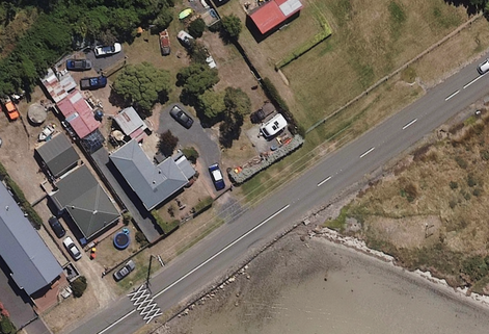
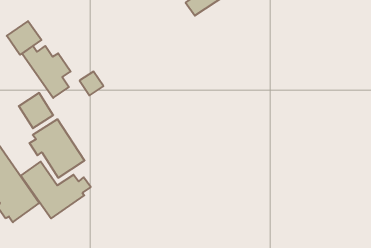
building: none -> [7,21,41,55]
building: [109,137,197,209] -> [21,162,91,218]

